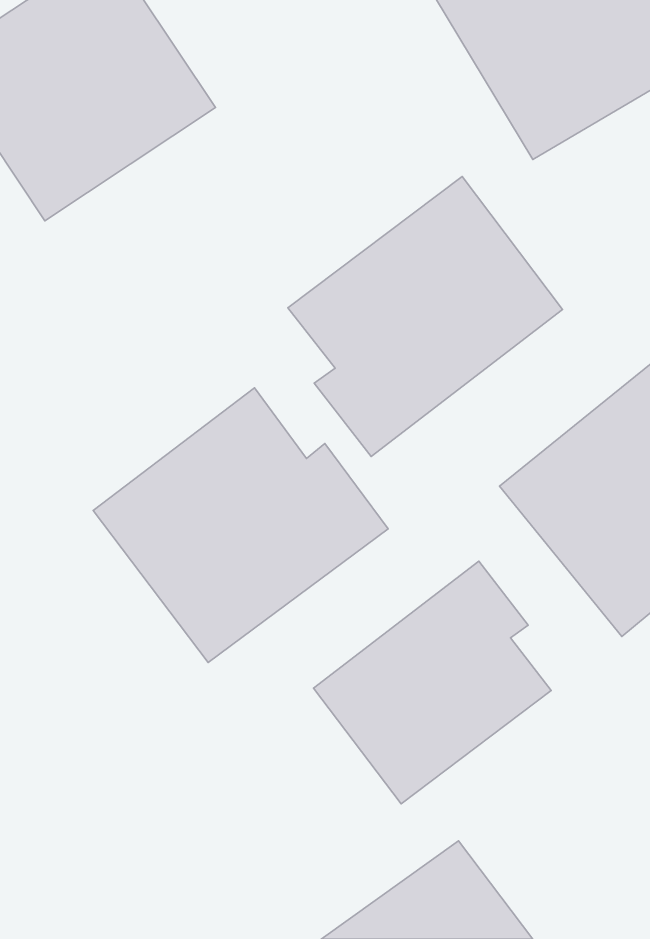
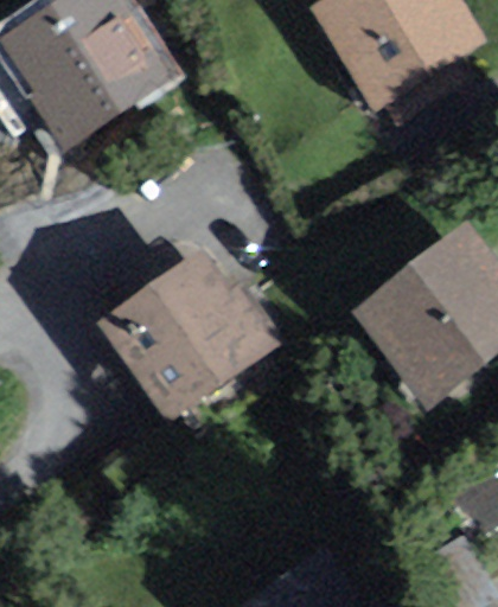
building: [288,177,563,456] -> none
building: [314,561,551,804] -> none

